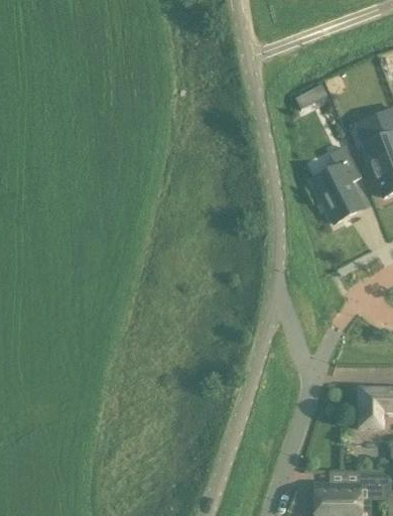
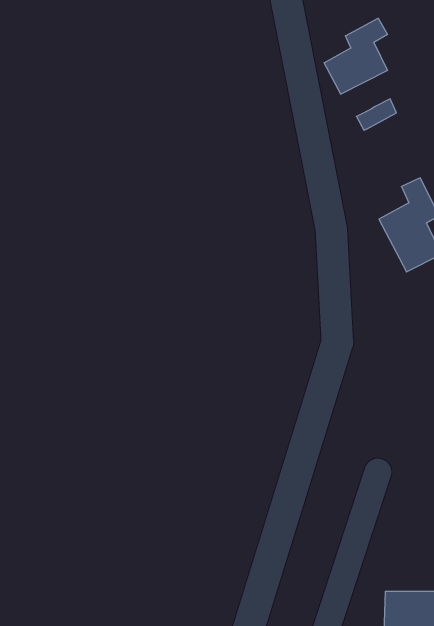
building: none -> [324,18,388,94]

